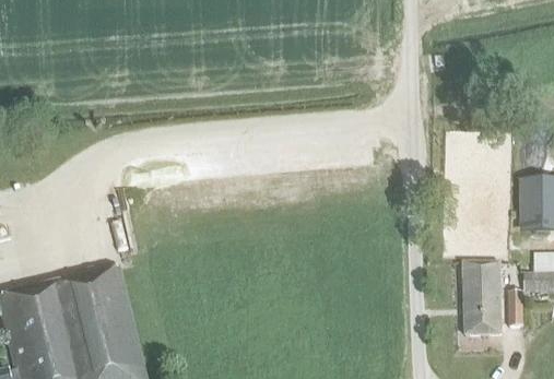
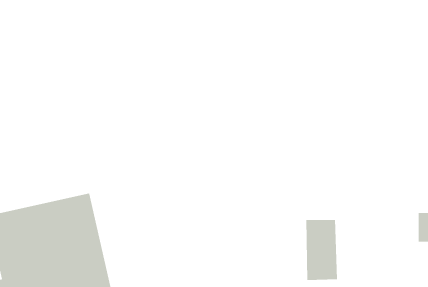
building: [463,261,502,333] -> [305,219,338,281]

